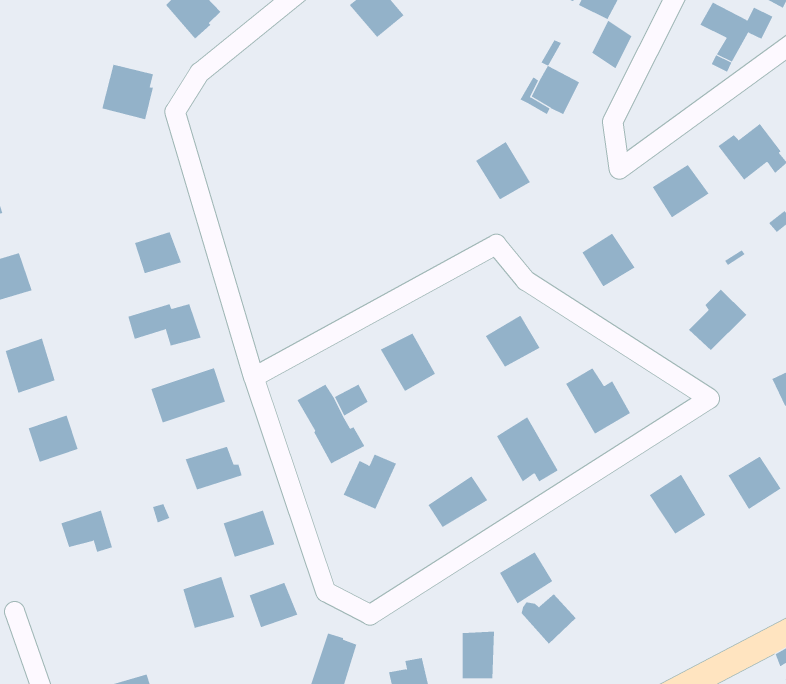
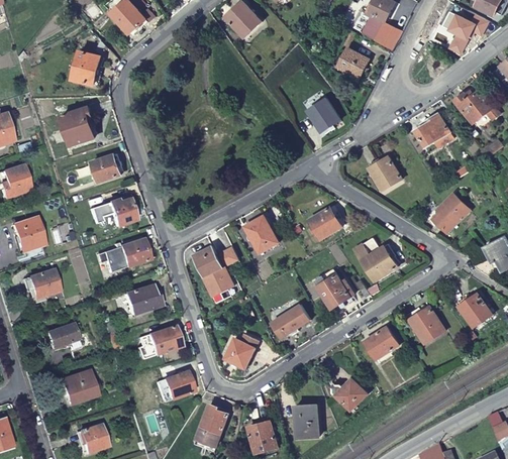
building: none -> [61,106,95,143]
building: [343,454,397,509] -> [225,333,259,367]
building: [499,552,553,604] -> [366,326,399,358]
building: [183,576,235,629] -> [63,373,95,406]

